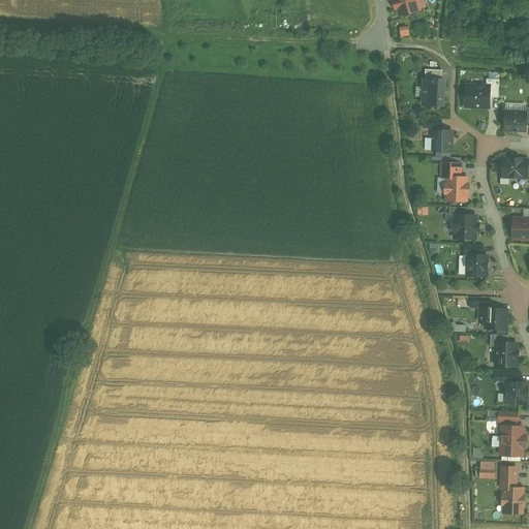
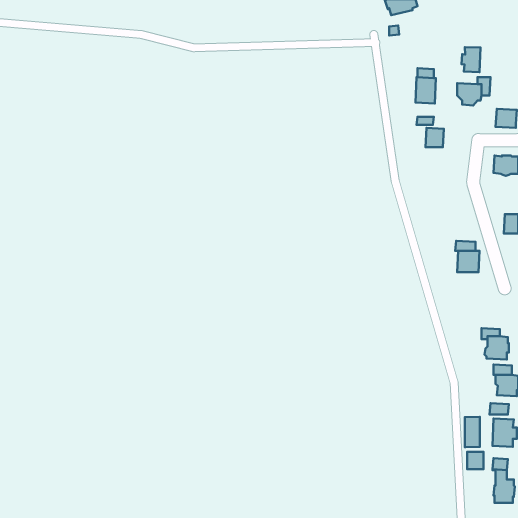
building: none -> [461,47,480,72]
building: [441,162,468,200] -> none
building: [453,215,478,241] -> none
building: [479,307,506,328] -> none
building: none -> [465,417,480,447]

